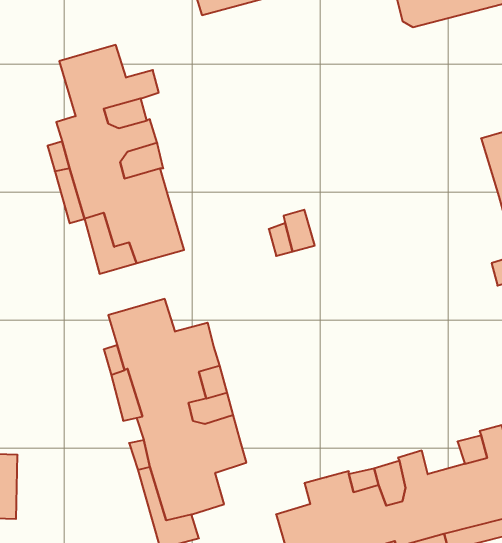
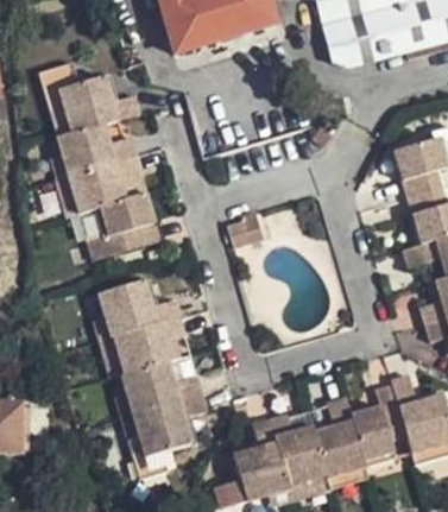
building: none -> [38,64,80,138]

